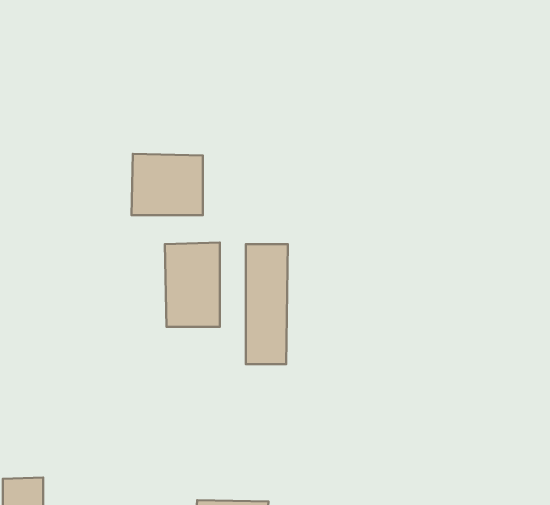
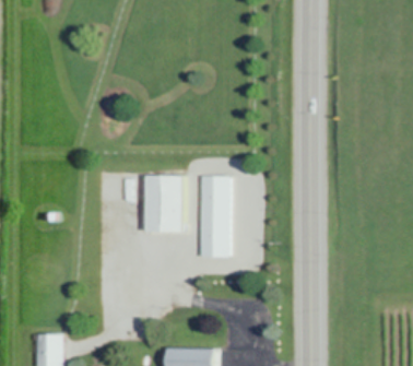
building: [131,154,203,215] -> none

